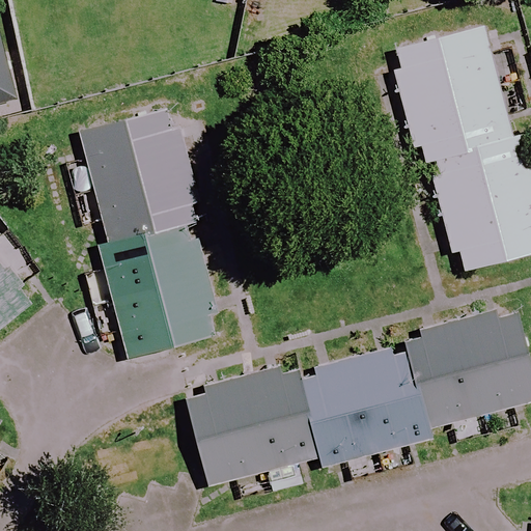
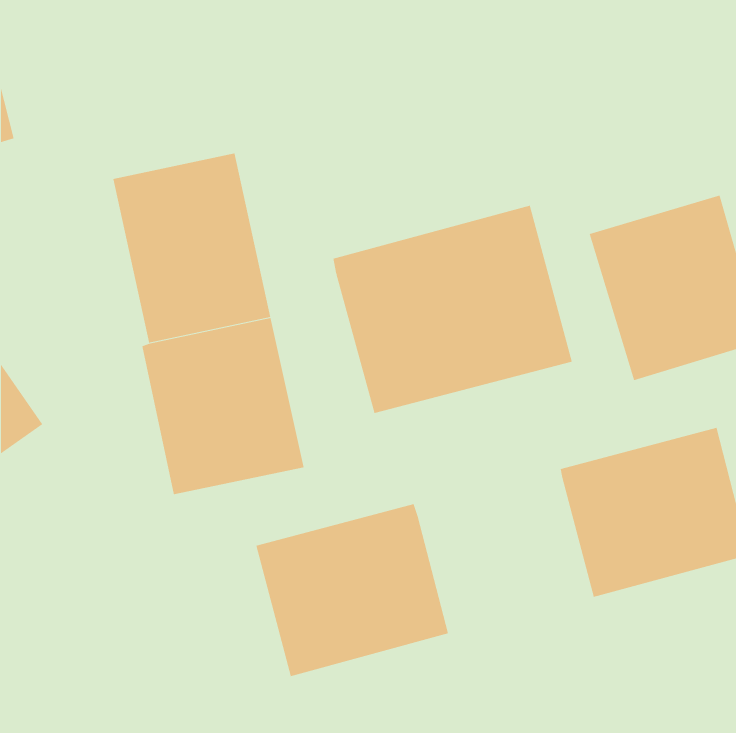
building: [389,24,519,168] -> none
building: none -> [333,205,572,414]
building: [302,343,430,491] -> none

